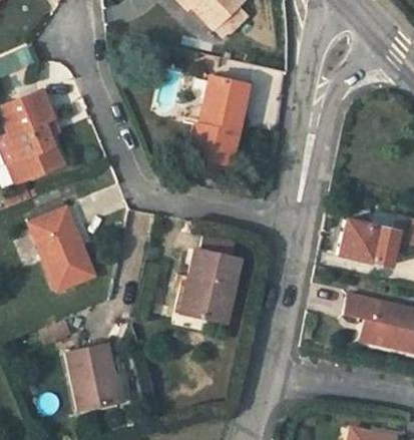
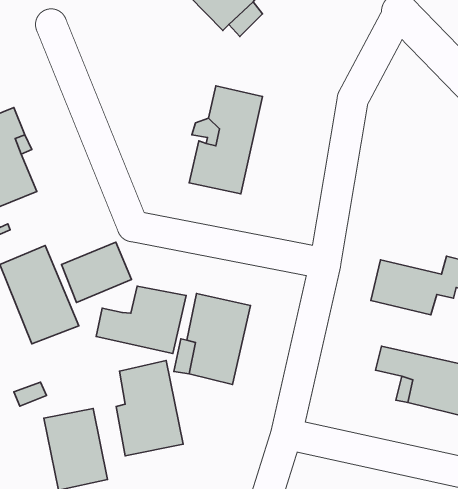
building: none -> [61,242,132,303]
building: none -> [96,286,186,354]
building: none -> [116,361,183,456]

